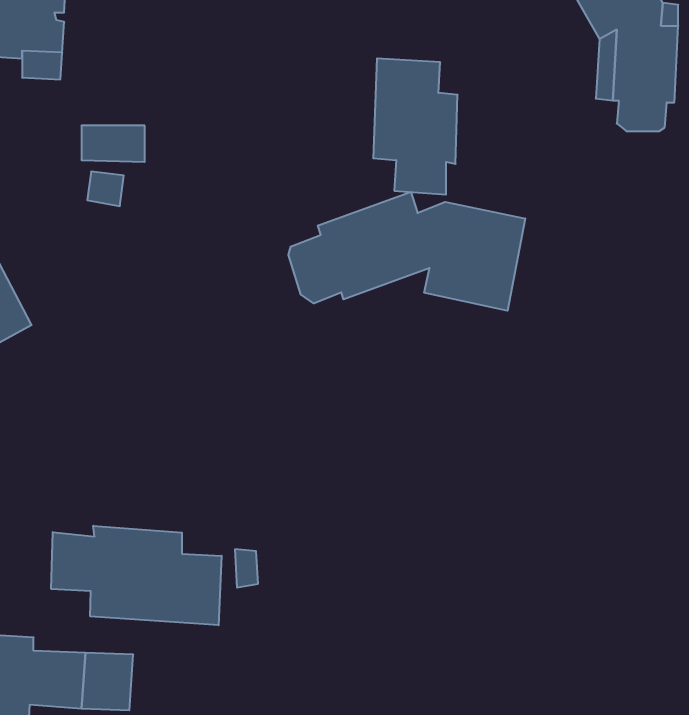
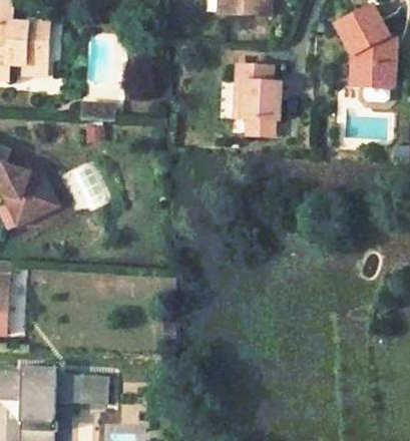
building: [288,192,525,311] -> none
building: [51,526,222,625] -> none

